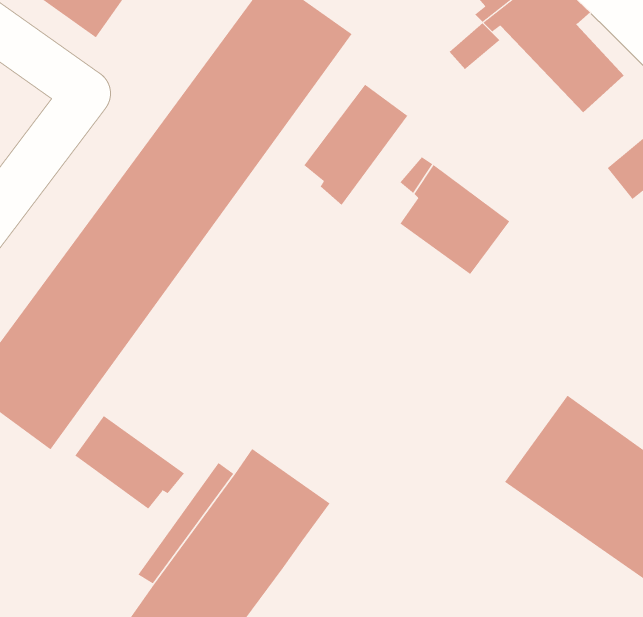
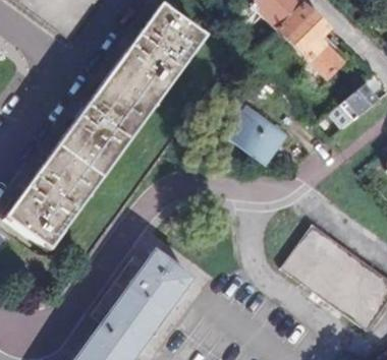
building: [304,84,408,206] -> none
building: [75,415,185,510] -> none

